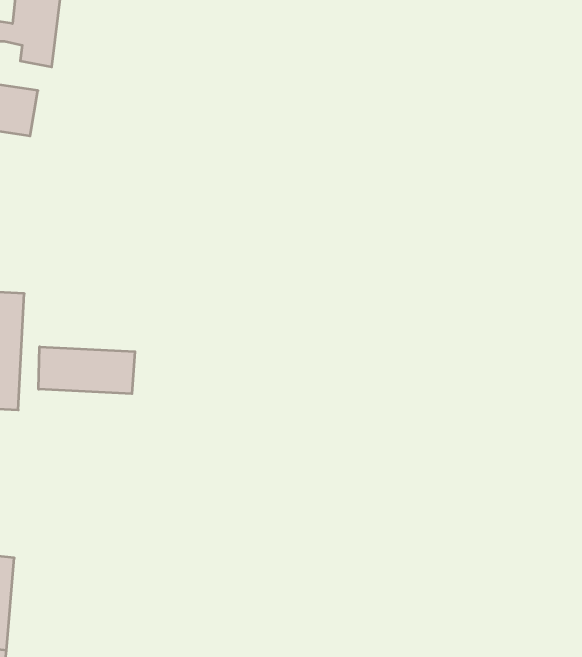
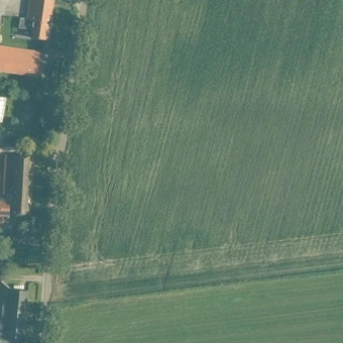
building: [39,347,135,394] -> none

